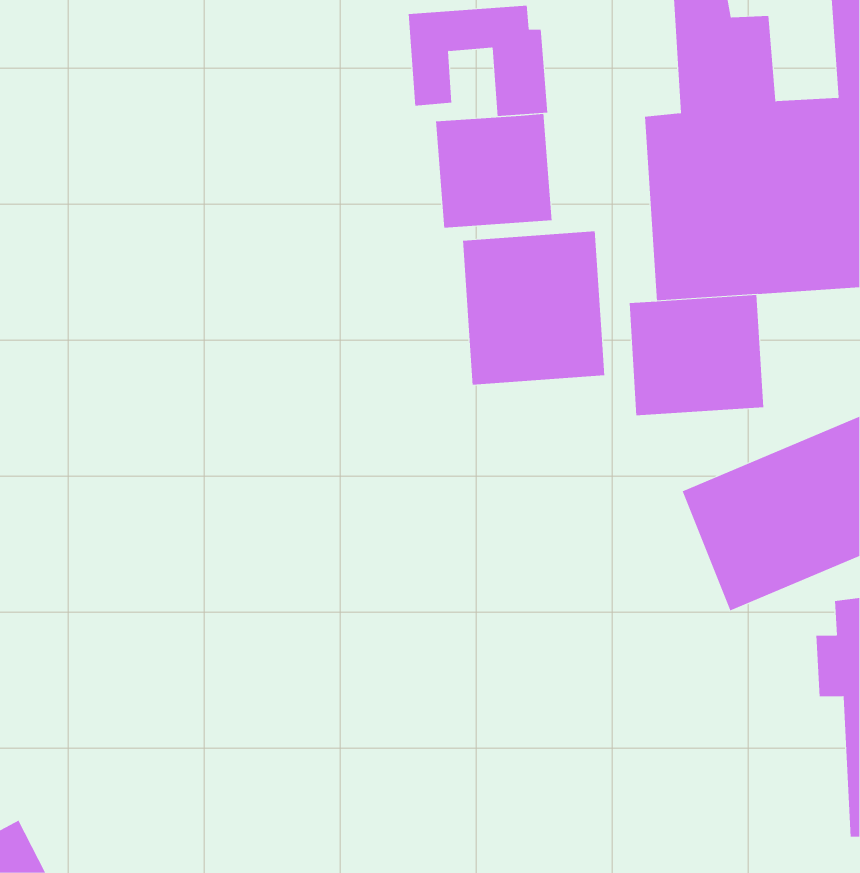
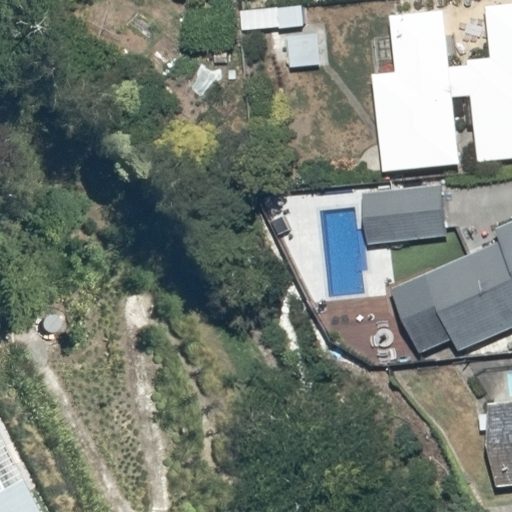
building: [436,113,552,229] -> none
building: [462,231,605,385] -> none

